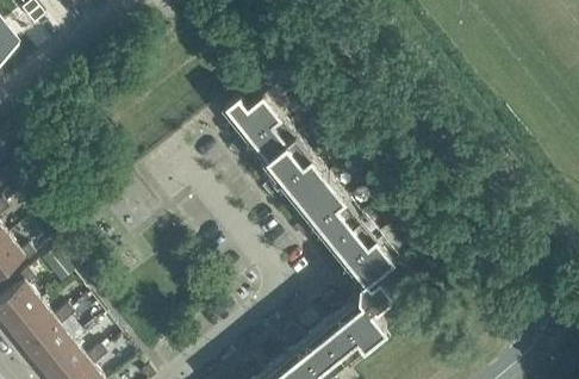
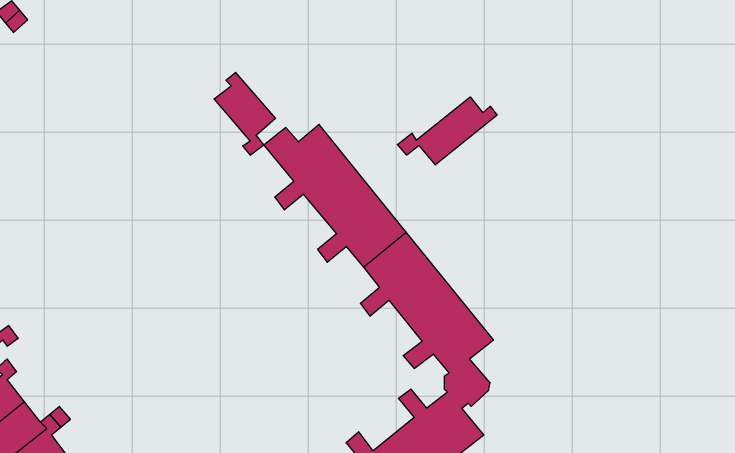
building: none -> [214,72,276,155]
building: none -> [397,97,497,165]

